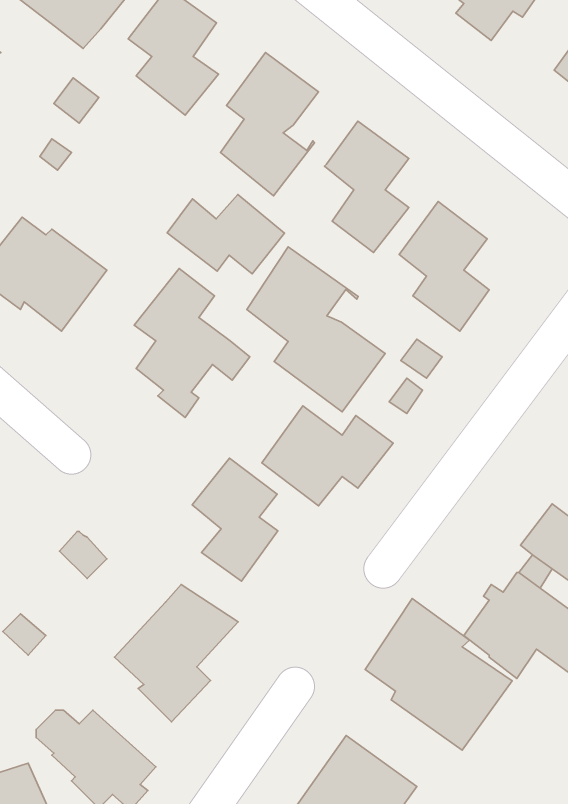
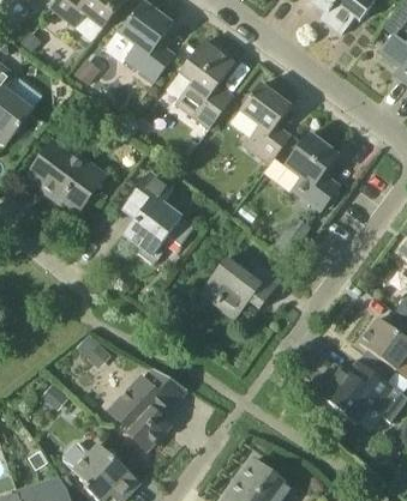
building: [167,194,284,274] -> none
building: [247,247,385,412] -> none
building: [192,458,278,581] -> none
building: [365,599,512,750] -> none

